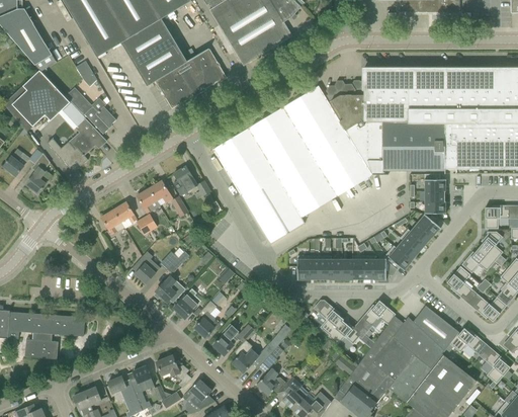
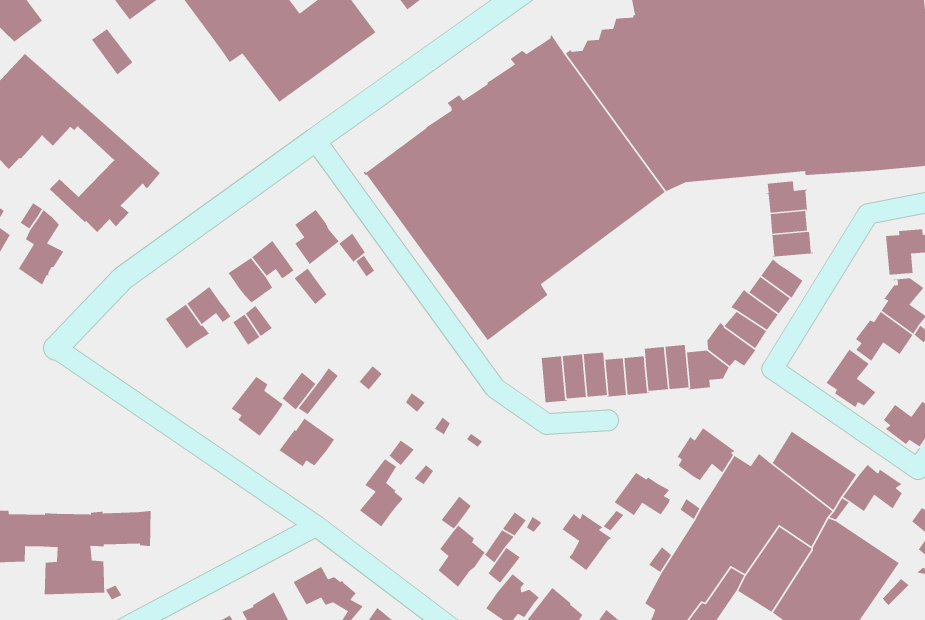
building: [66,87,116,134] -> none
building: [173,288,200,319] -> none
building: [318,304,344,335] -> [562,512,612,571]
building: [213,323,239,355] -> none

